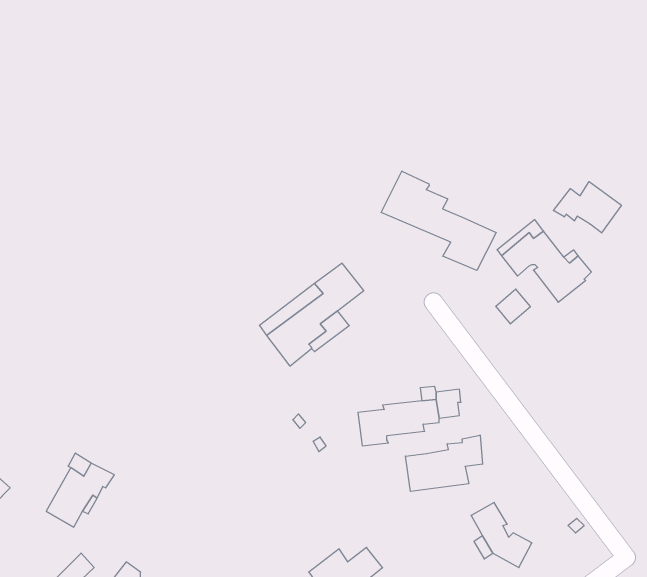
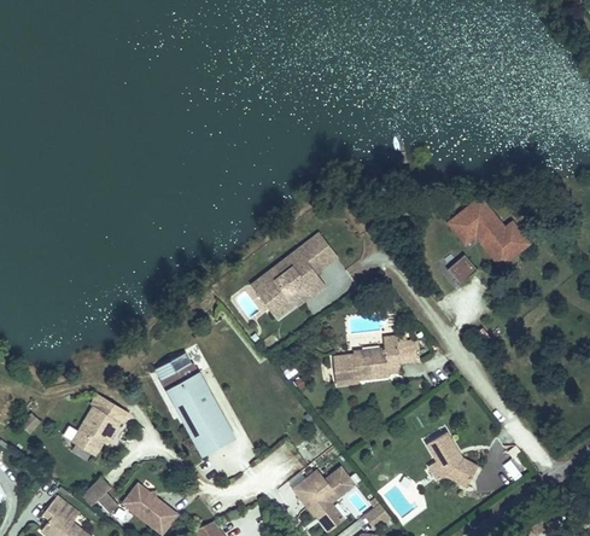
building: [381,171,496,270] -> none
building: [553,182,621,233] -> none
building: none -> [153,349,234,451]
building: [405,435,482,491] -> none

